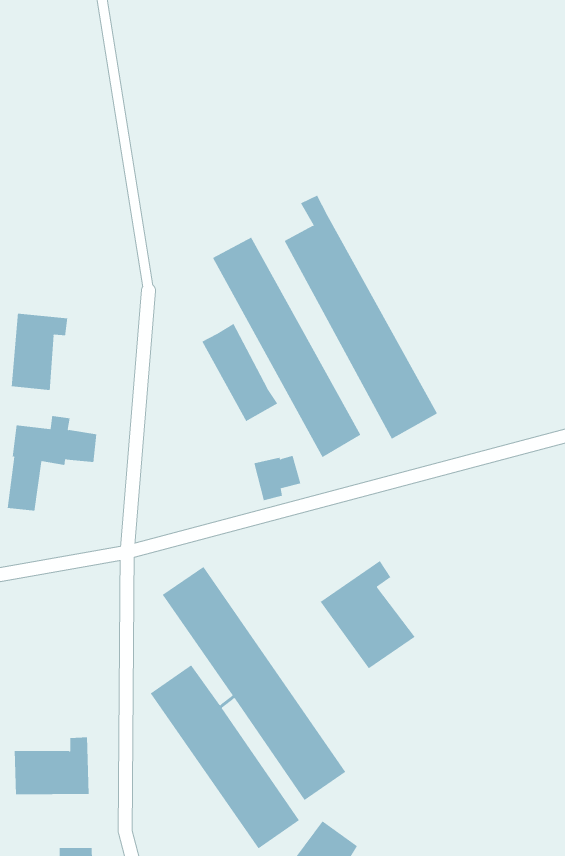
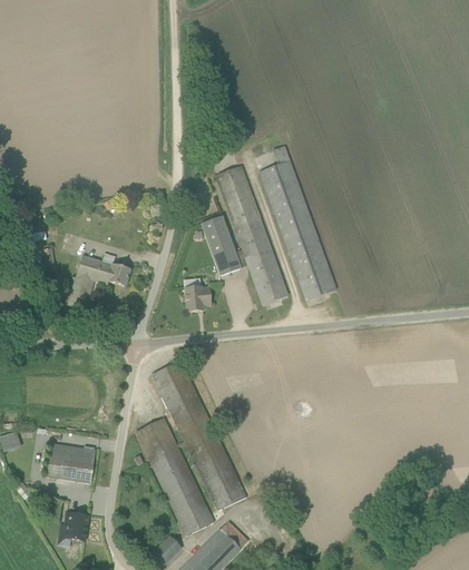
building: [11,313,68,391] -> none
building: [253,455,301,501] -> [184,287,211,312]
building: [320,560,415,669] -> none

